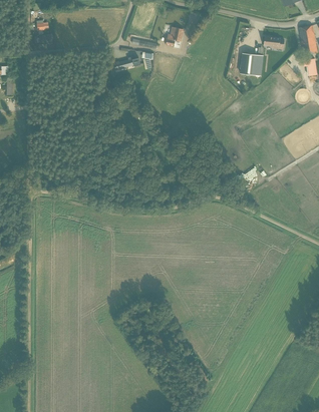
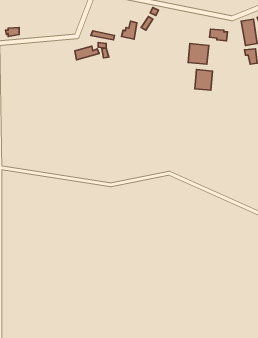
building: none -> [195,69,213,90]

